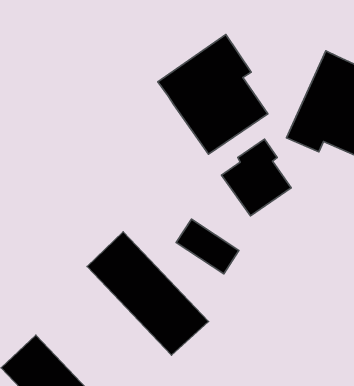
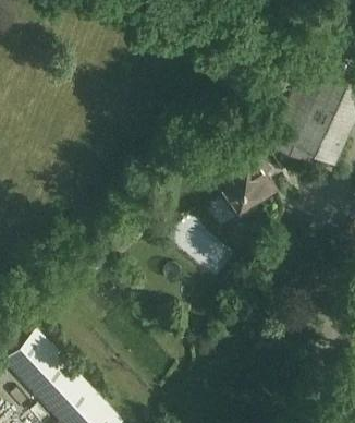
building: [158,35,268,154] -> none
building: [87,232,208,355] -> none

